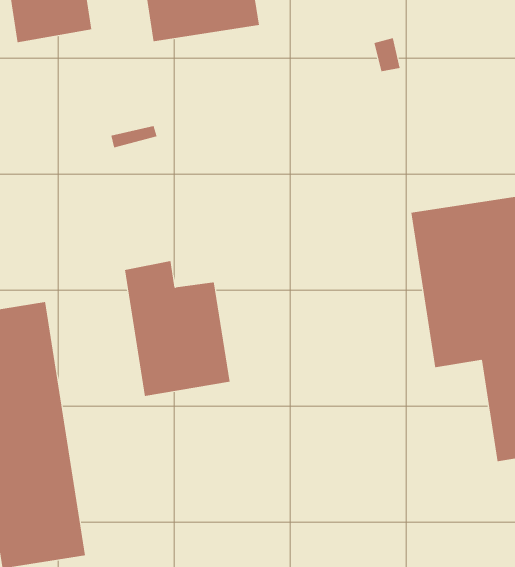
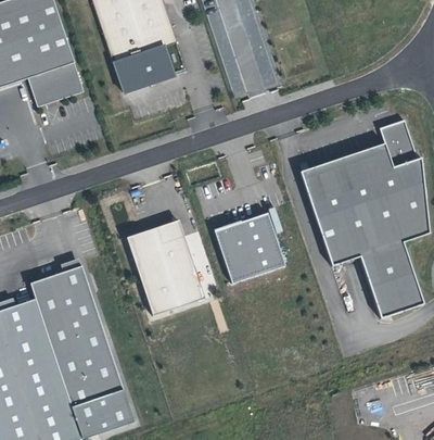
building: none -> [155,218,184,242]
building: none -> [213,212,284,282]

